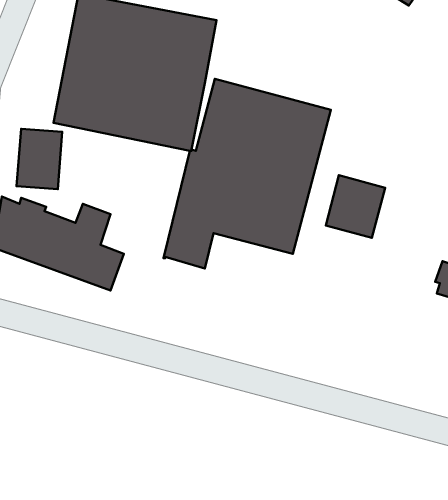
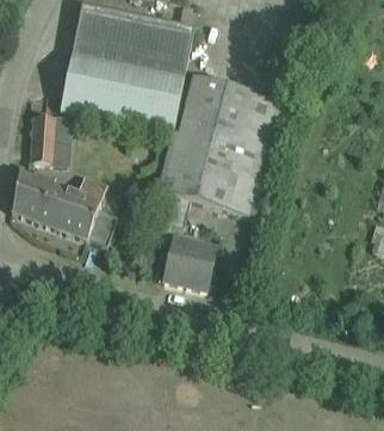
building: [326,175,385,238] -> none
building: none -> [162,239,216,290]

